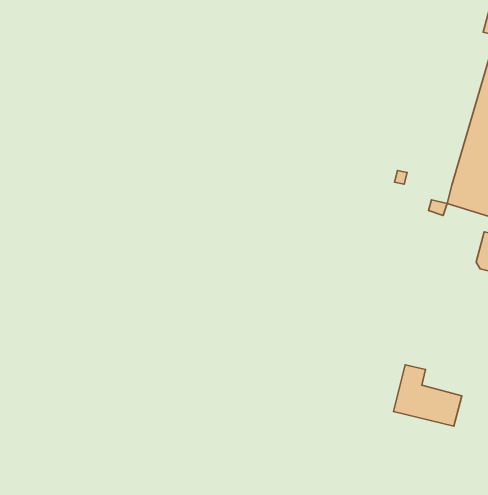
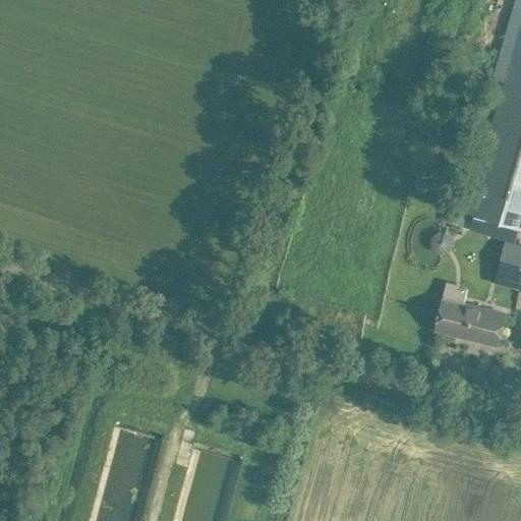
building: [393,365,462,426] -> [445,284,516,348]

